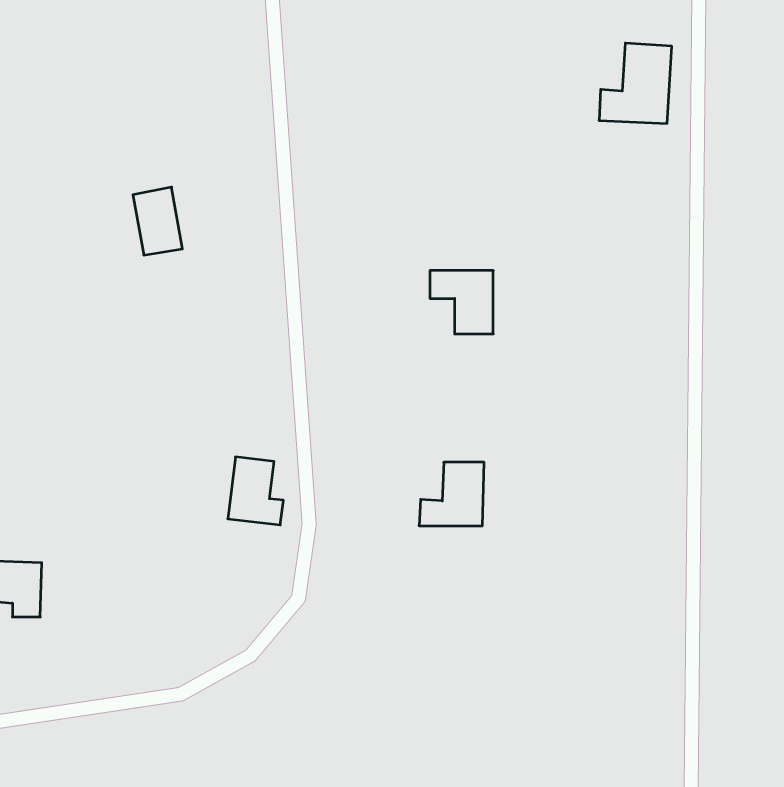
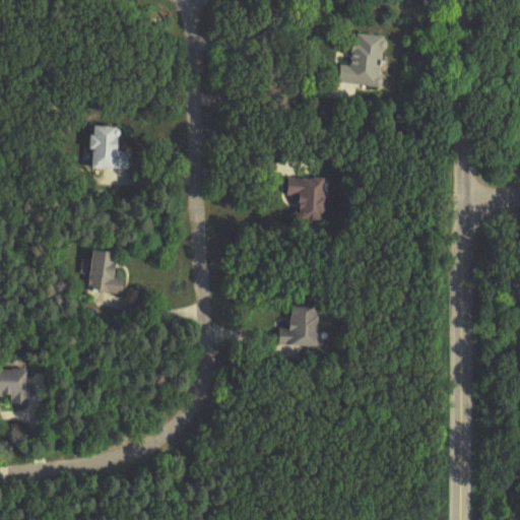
building: [599,43,672,123] -> [334,32,382,85]
building: [228,457,283,525] -> [86,250,123,295]

